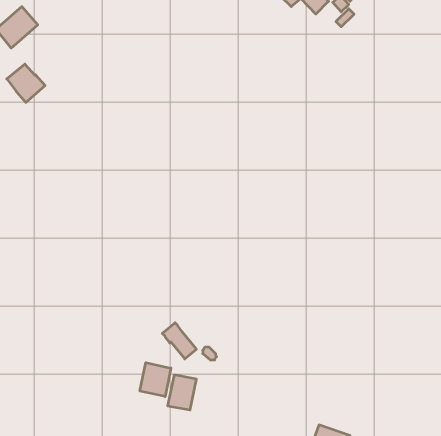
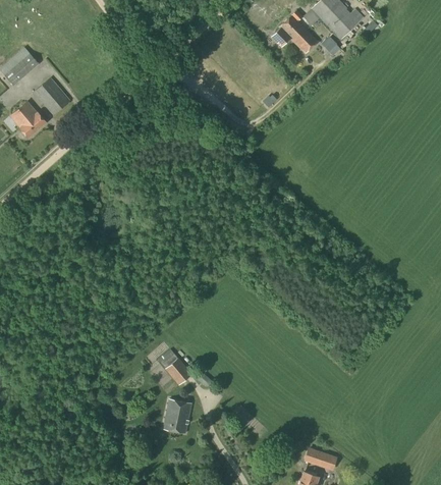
building: none -> [34,78,69,114]
building: [140,363,171,397] -> none

